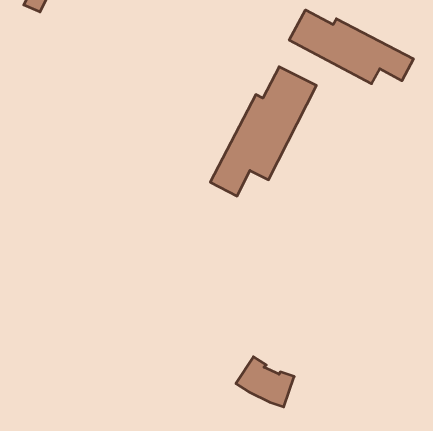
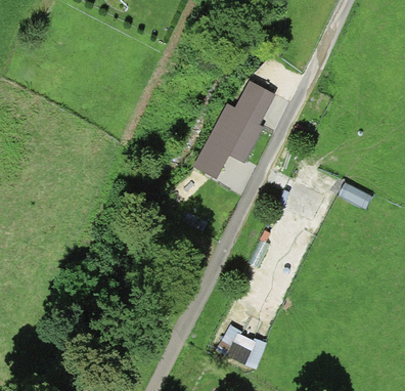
building: [289,10,413,84] -> none

